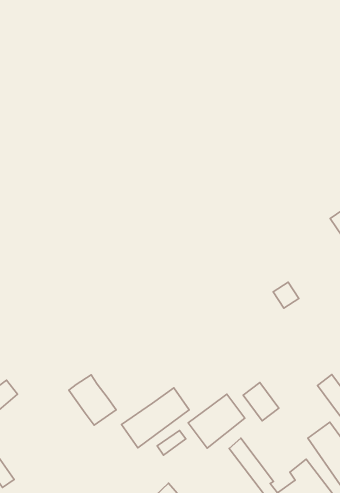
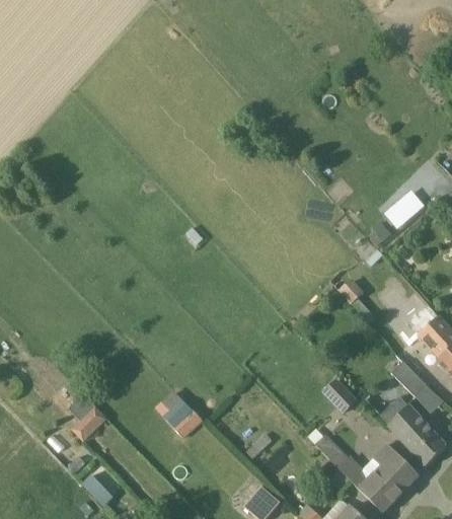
building: [122,388,189,448] -> none
building: [188,394,245,448] -> none

